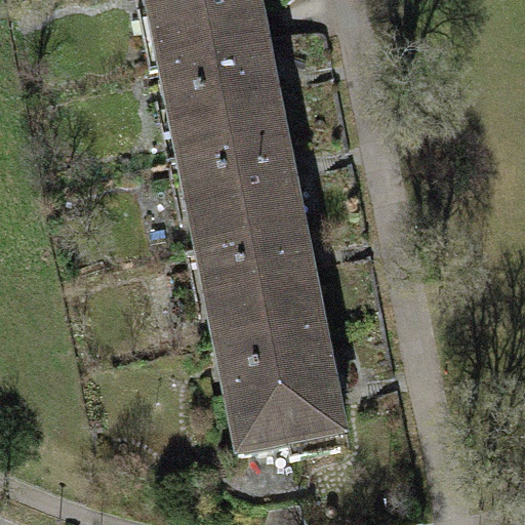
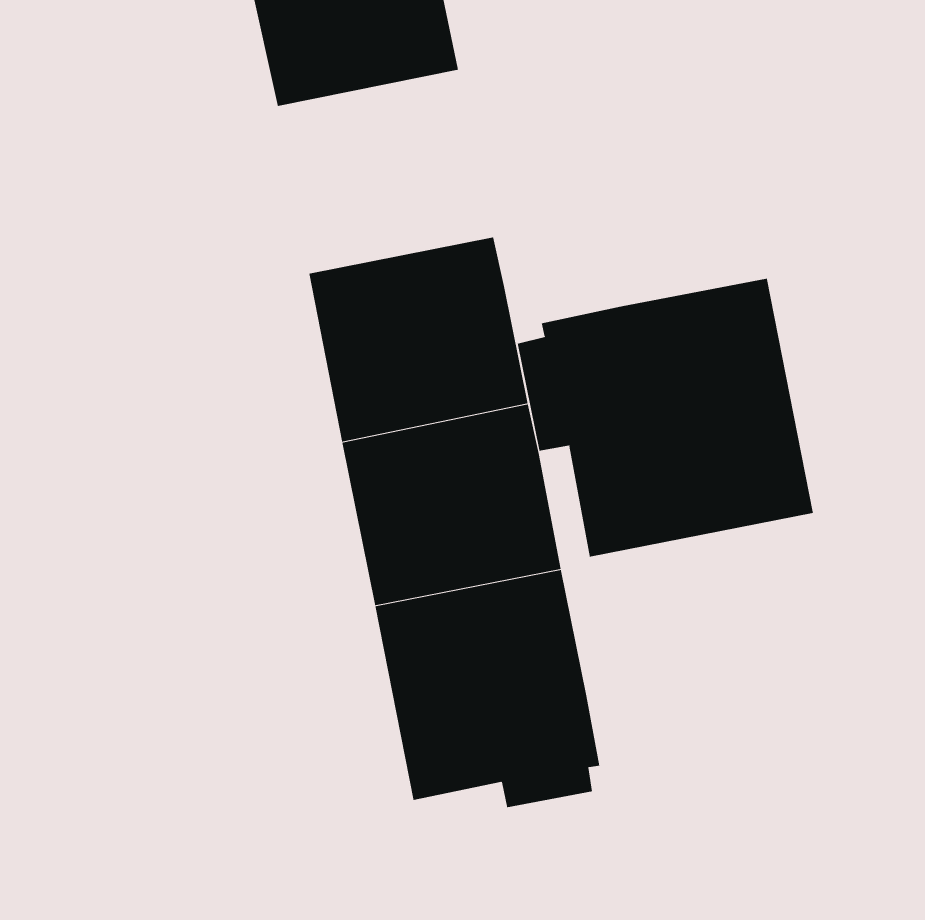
building: [162,39,283,153] -> none
building: none -> [517,278,814,557]

